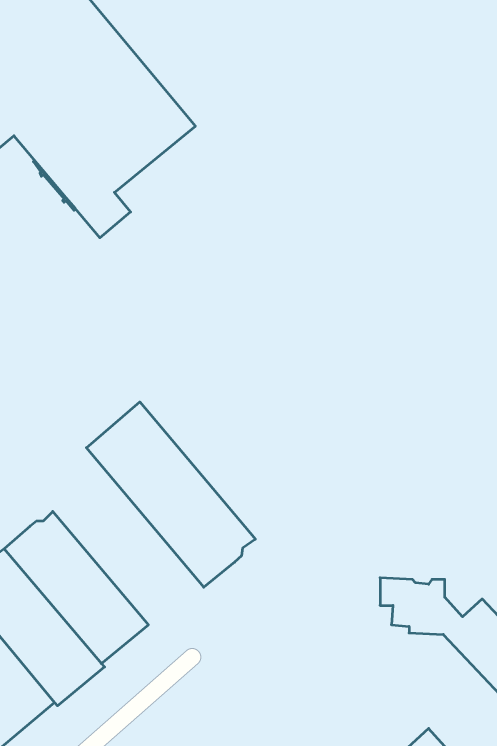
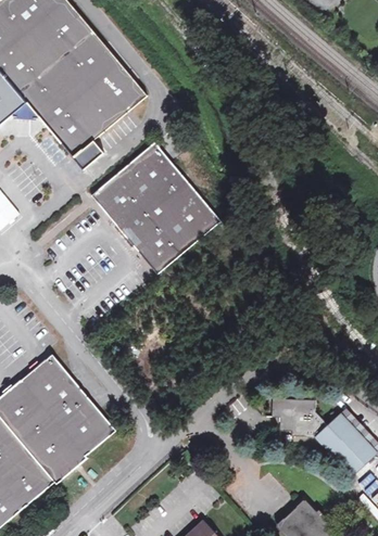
building: none -> [90,142,222,275]
building: [86,402,255,587] -> none

